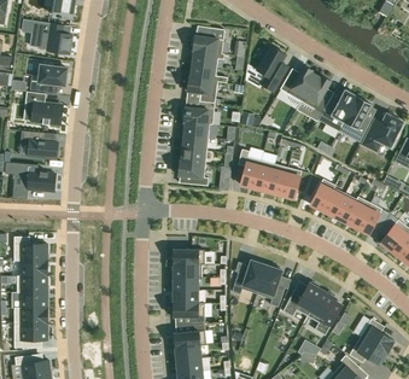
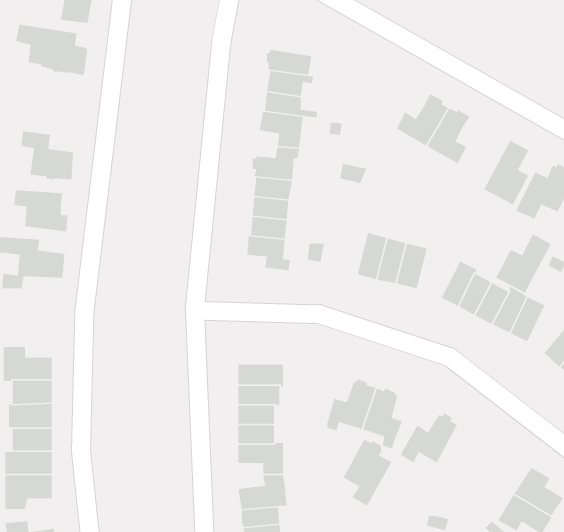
building: [257,47,287,92] -> none
building: [30,64,68,93] -> none
building: [319,91,357,132] -> [495,233,552,294]
building: [238,150,261,190] -> none
building: [308,291,341,337] -> [343,439,392,506]

